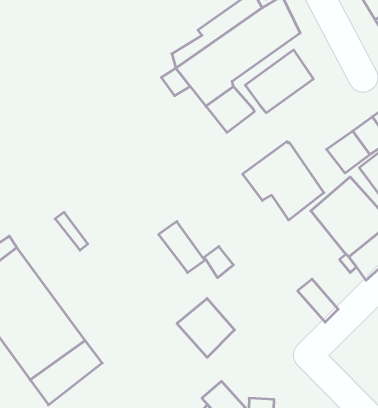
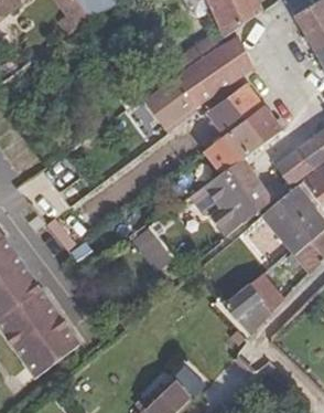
building: none -> [224,105,282,159]
building: [177,298,235,357] -> [225,284,273,333]

